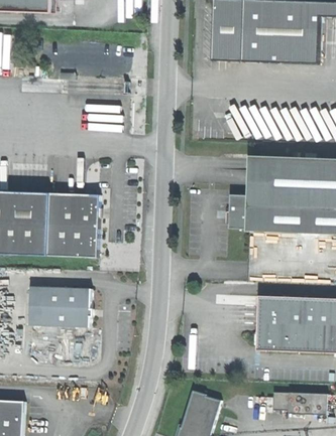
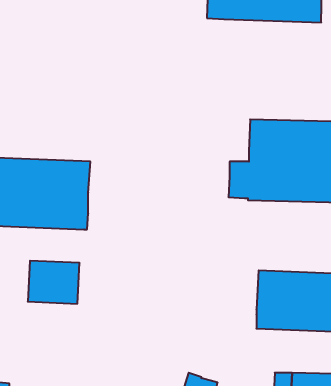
building: [27,287,43,325] -> none

